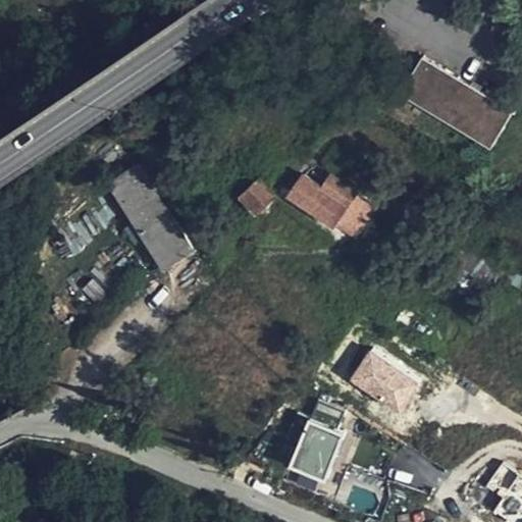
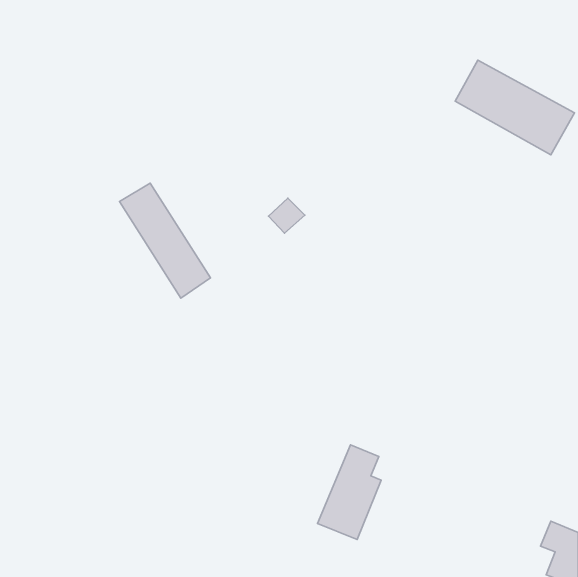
building: [289,178,365,239] -> none
building: [346,354,419,418] -> none

